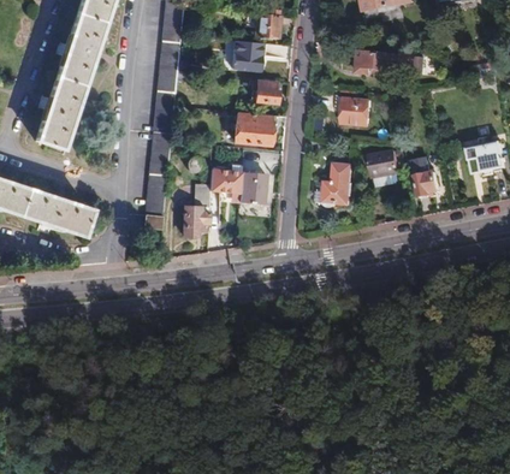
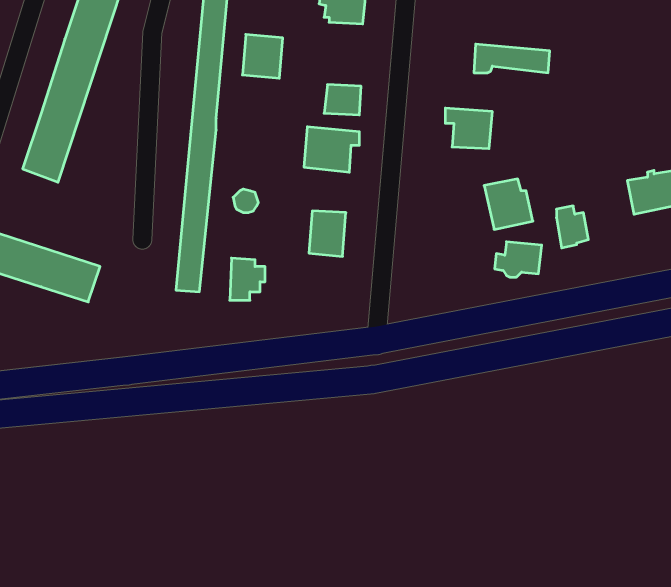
building: [235,38,263,70] -> [242,34,283,78]
building: [210,165,242,191] -> none
building: [319,180,352,206] -> [495,242,542,277]

